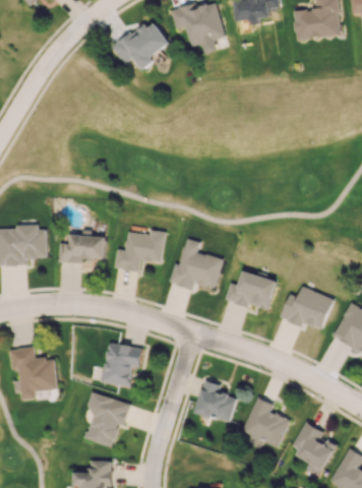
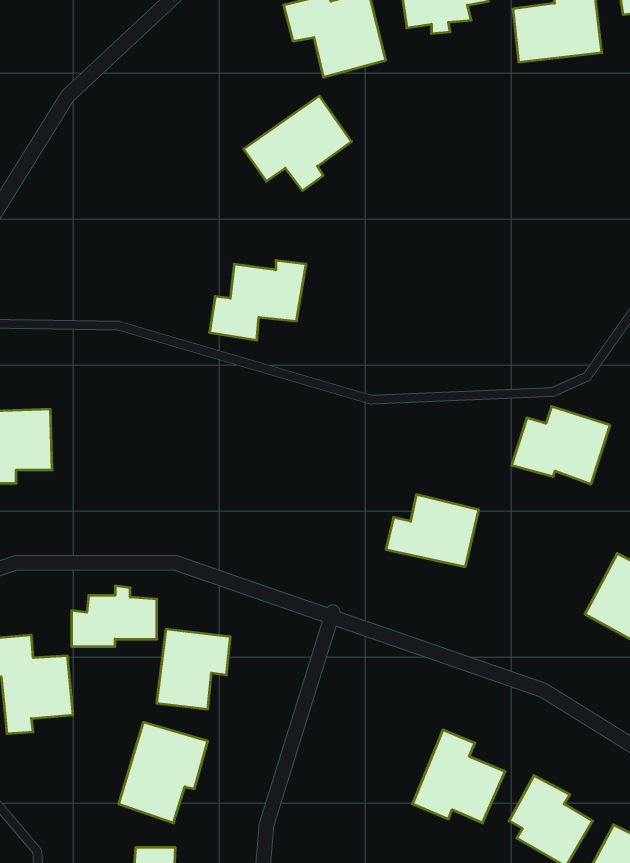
building: [112,19,170,70] -> [244,96,352,191]
building: [59,230,105,262] -> [72,586,157,647]
building: [114,230,166,272] -> [209,260,306,340]
building: [172,238,223,290] -> none
building: [280,288,333,329] -> [512,406,610,484]
building: [195,380,236,422] -> none

